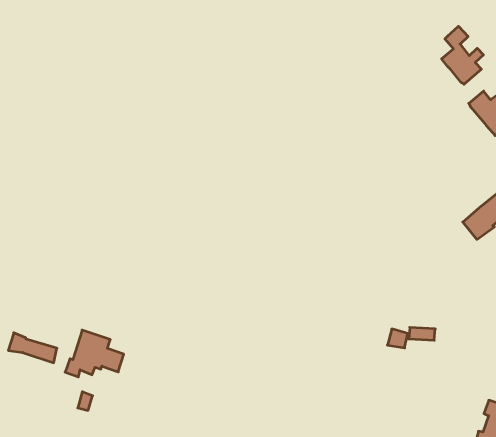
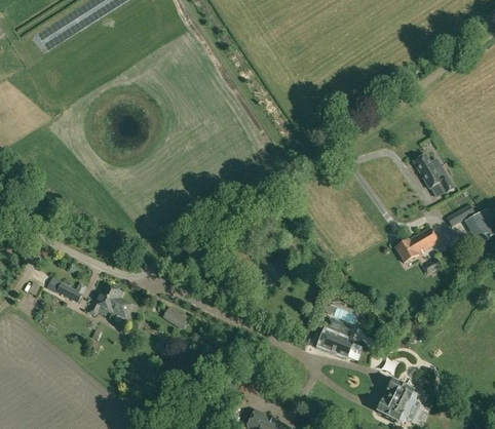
building: [442,26,483,84] -> none
building: none -> [319,332,352,357]

